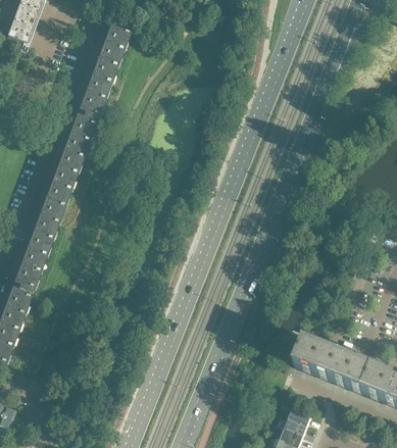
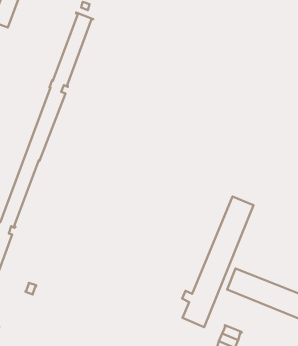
building: none -> [182,196,254,327]

